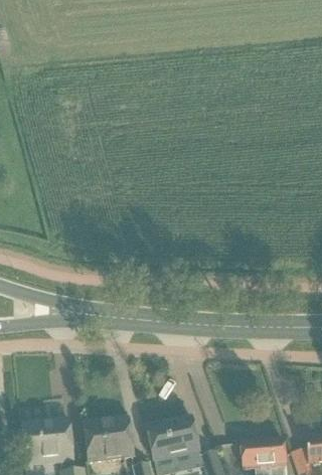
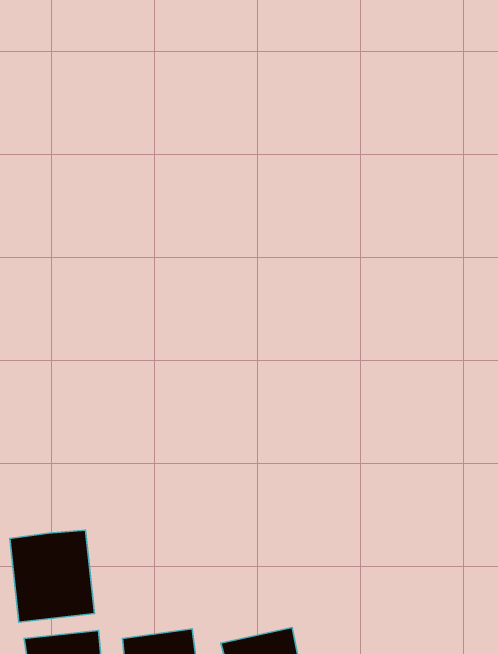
building: none -> [10,530,94,622]

